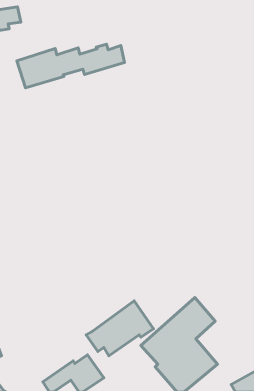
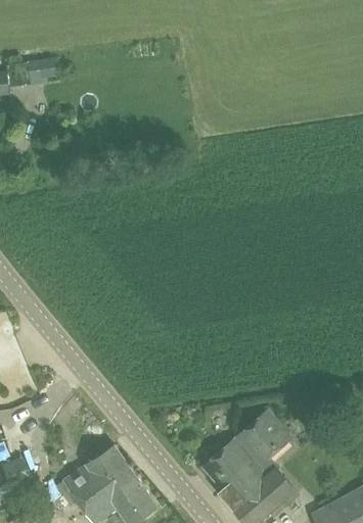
building: [17,44,125,88] -> none
building: [86,301,154,356] -> [55,444,137,511]

